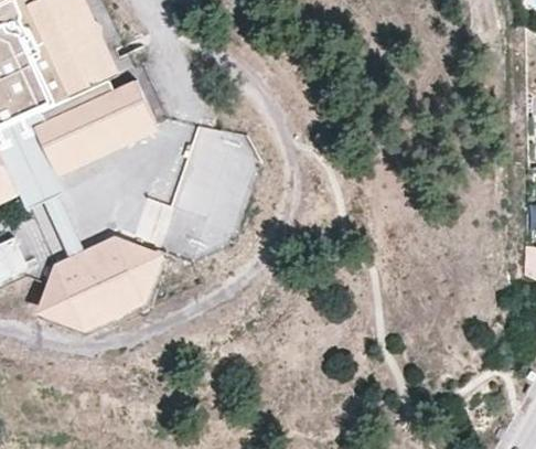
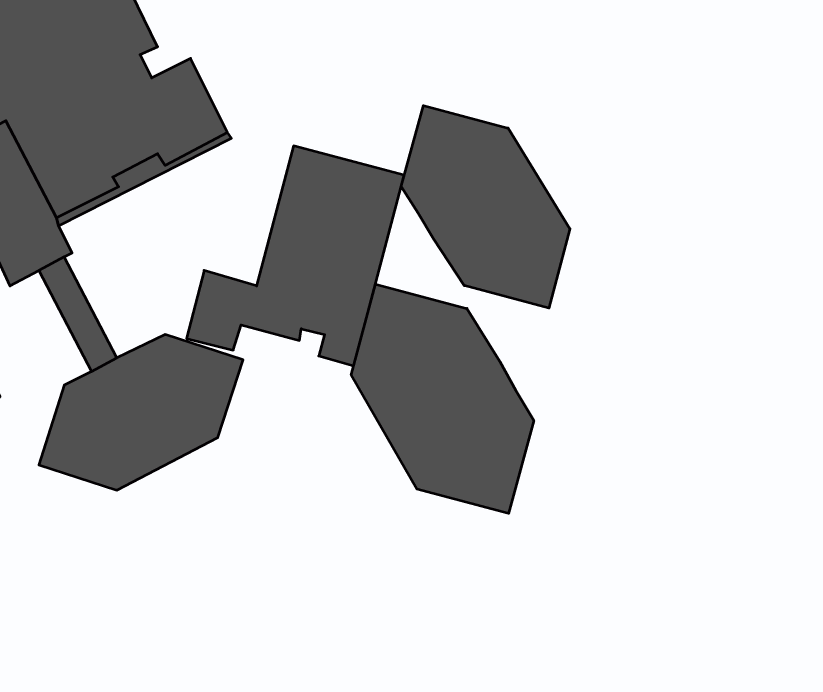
building: none -> [401,106,570,308]
building: none -> [351,284,534,513]

